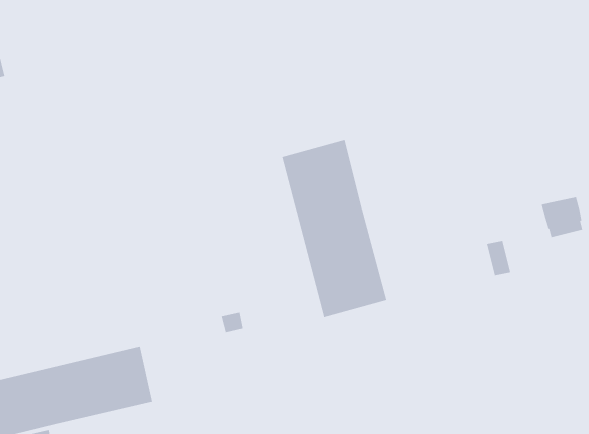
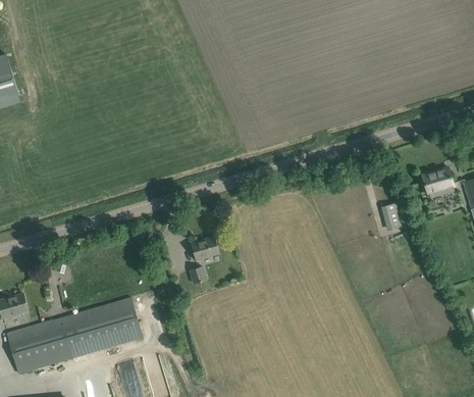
building: [282,139,387,318] -> none
building: none -> [192,236,219,260]

